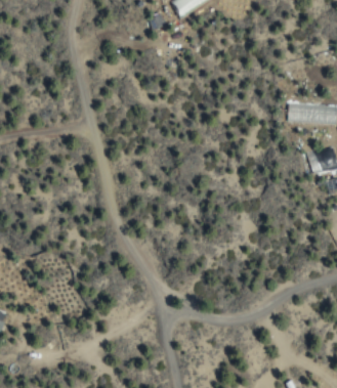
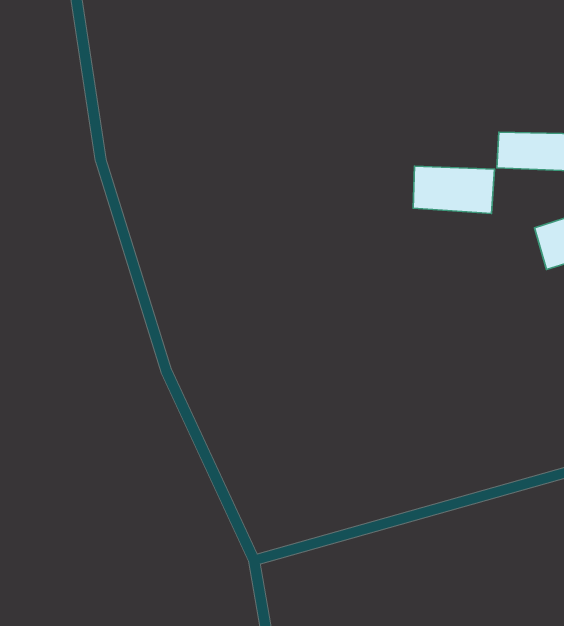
building: none -> [413,166,495,214]

